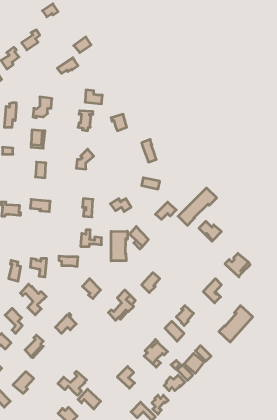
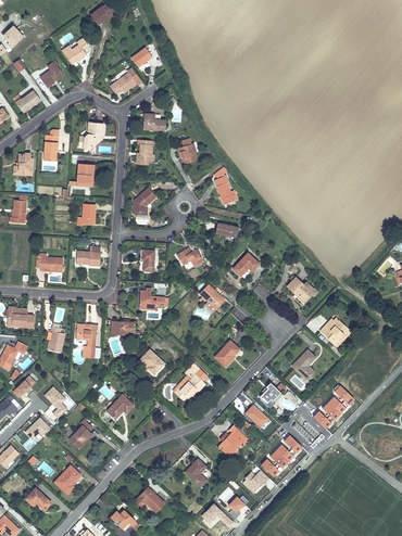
building: [178,188,217,225] -> none
building: [111,231,127,261] -> none
building: [20,284,46,315] -> none
building: [58,371,87,395] -> none

